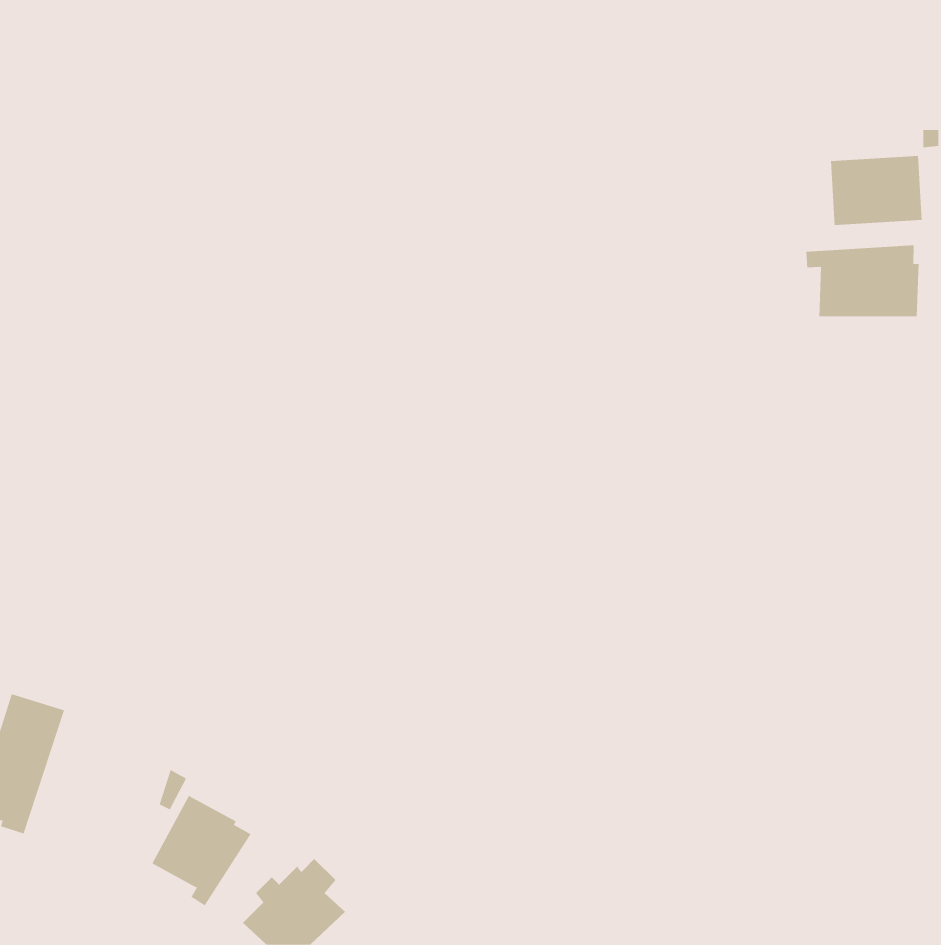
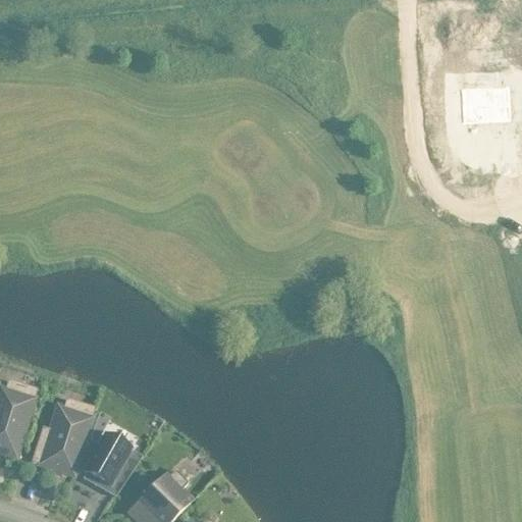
building: [806,244,919,317] -> none
building: none -> [30,401,94,478]

